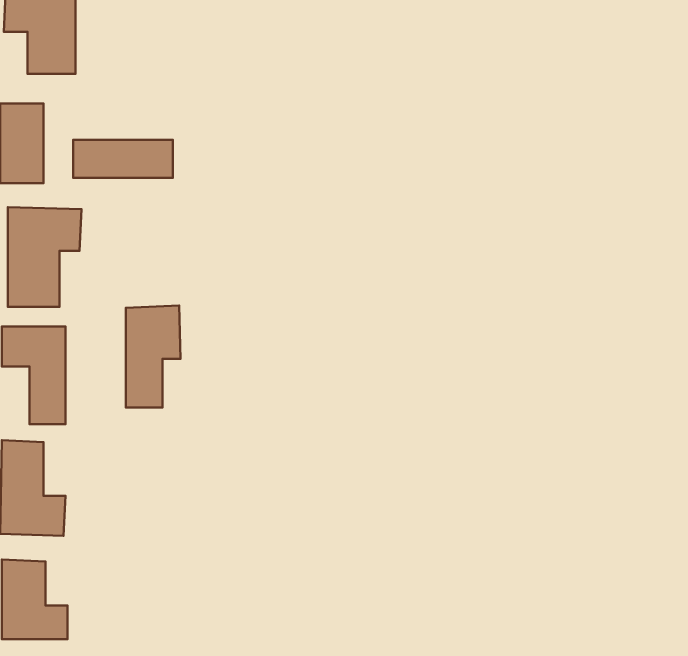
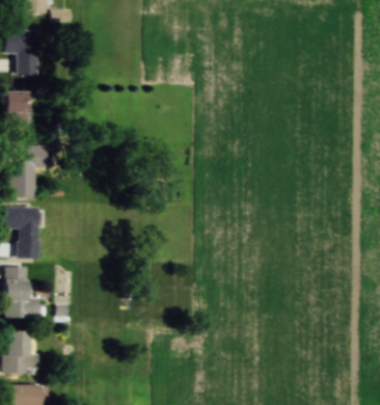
building: [73,140,173,178] -> none
building: [126,306,181,408] -> none

